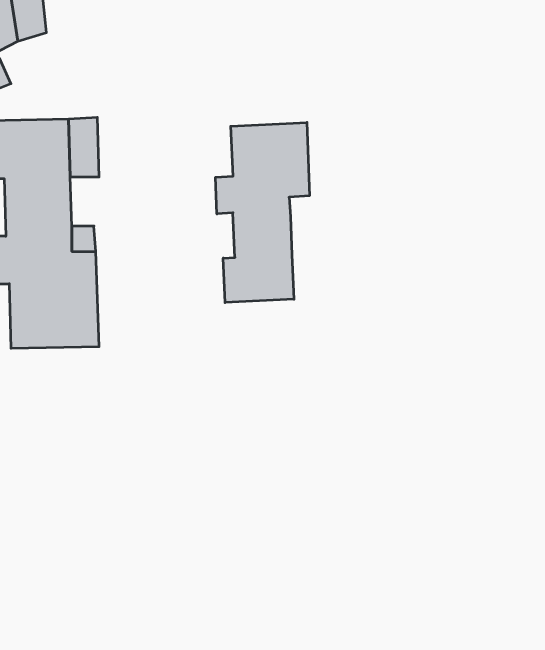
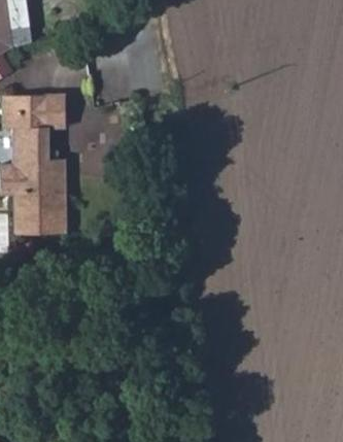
building: [216,122,309,303] -> none

